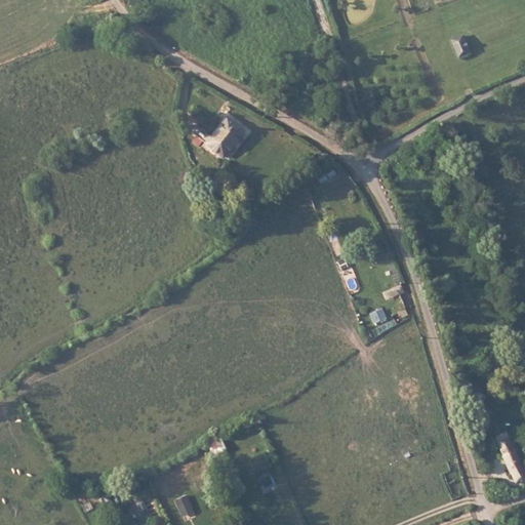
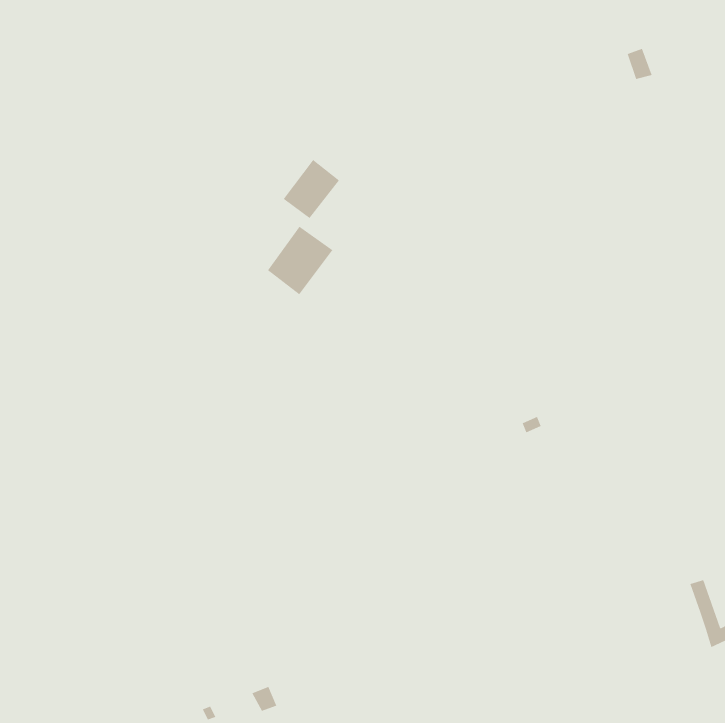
building: none -> [267,226,333,295]

